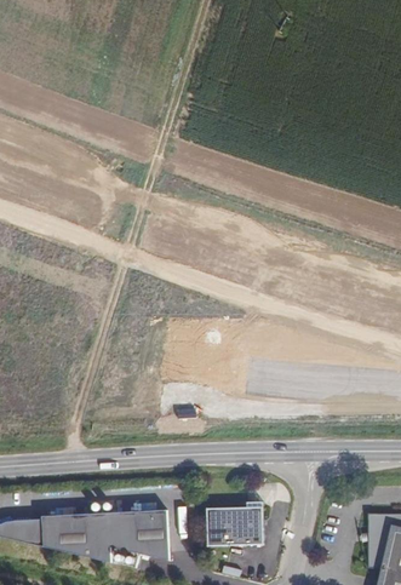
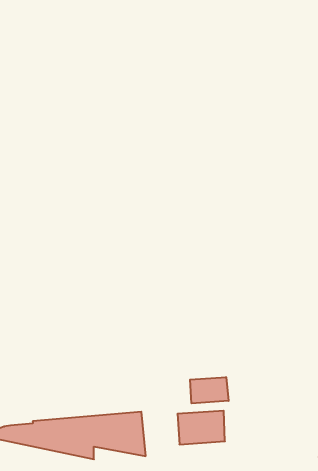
building: none -> [190,377,229,403]

